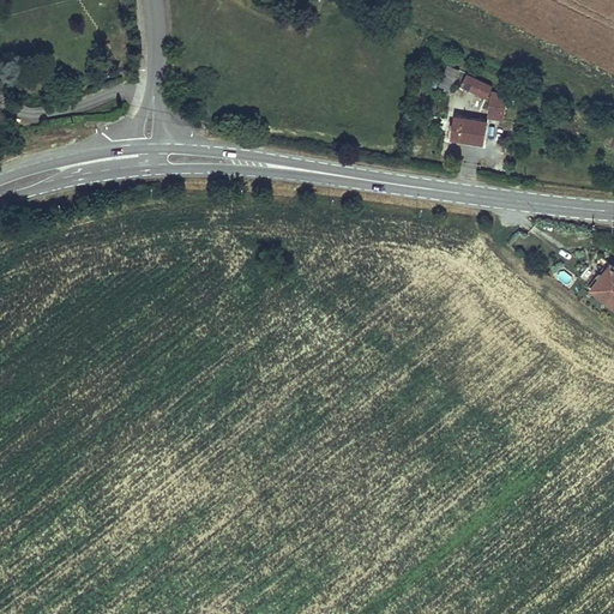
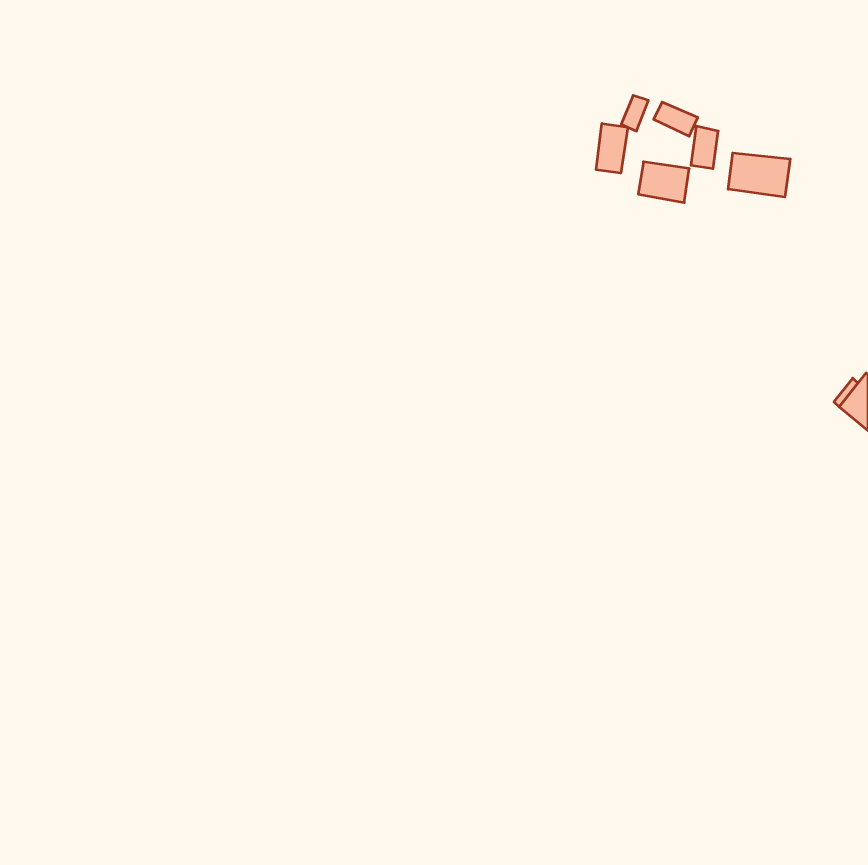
building: none -> [596,123,628,173]
building: none -> [728,153,790,197]

